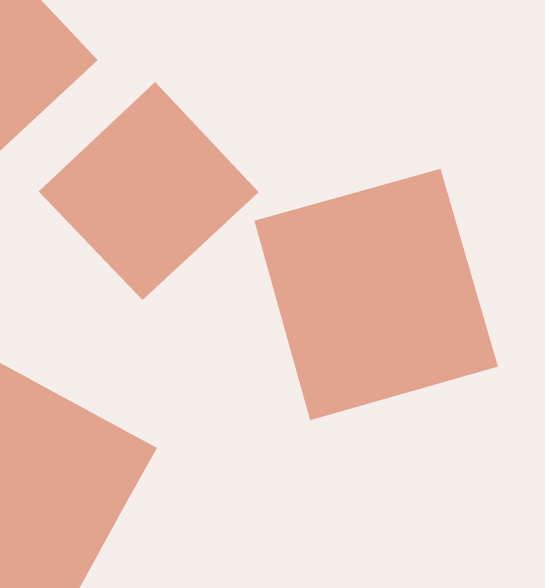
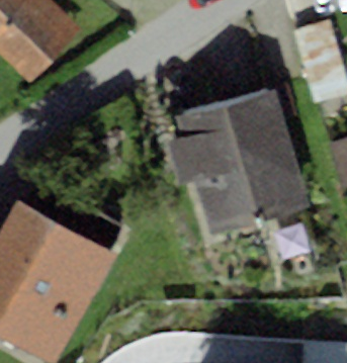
building: [38,81,260,301] -> none

